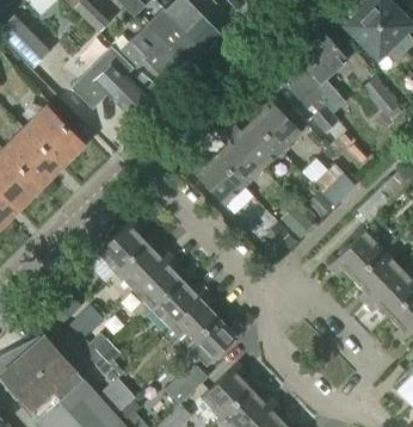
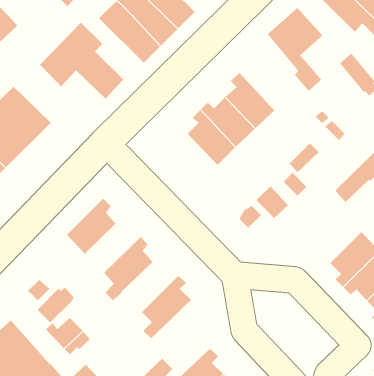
building: [276,58,339,132] -> none
building: [190,155,245,205] -> none
building: [329,230,384,280] -> none
building: [116,242,171,290] -> none
building: [152,279,206,328] -> none
building: [189,316,244,365] -> none

